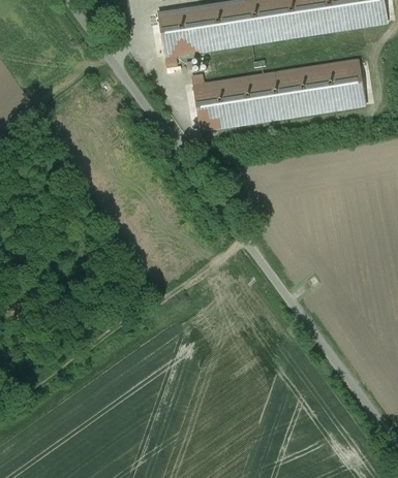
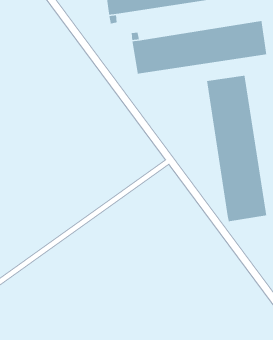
building: none -> [206,75,267,222]

